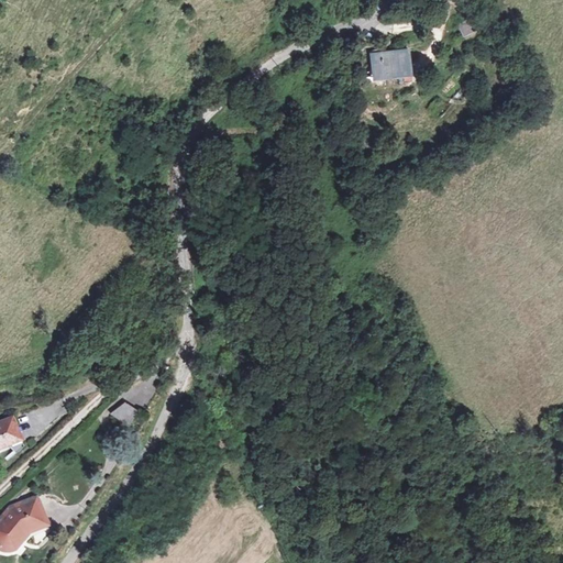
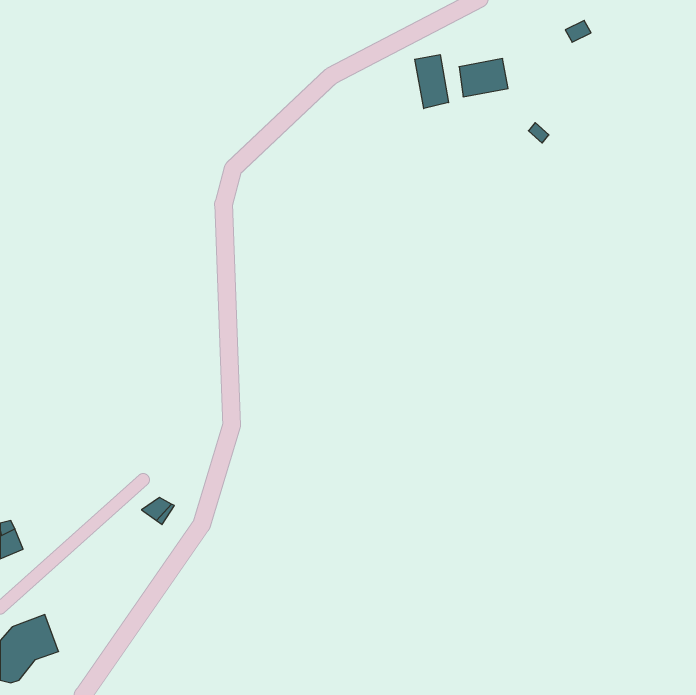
building: none -> [415,55,449,109]

